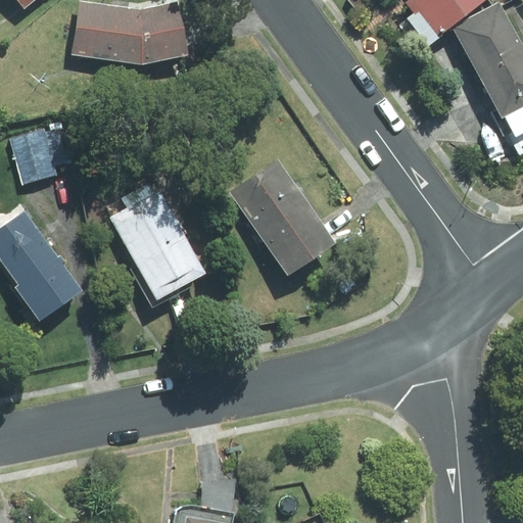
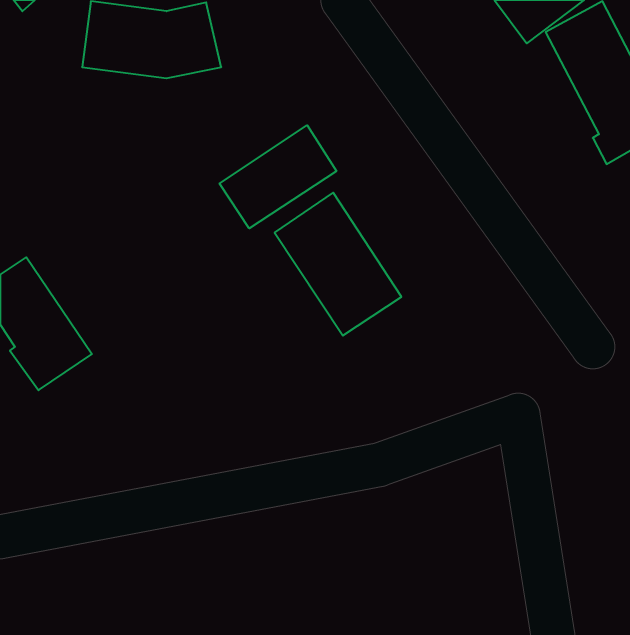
building: none -> [220,125,336,228]
building: [11,130,57,184] -> none
building: [110,190,203,299] -> none

